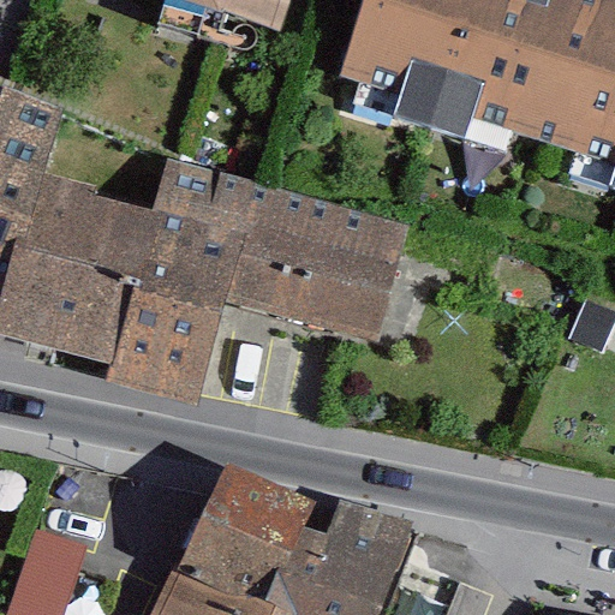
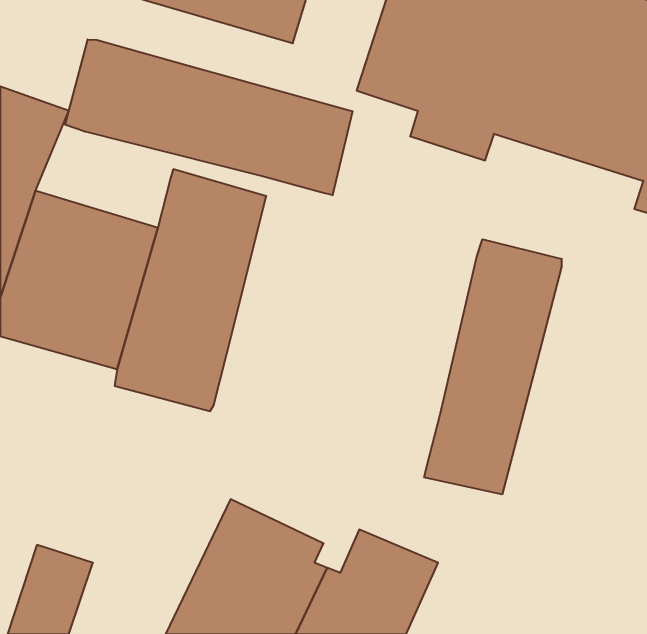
building: none -> [65,39,353,195]
building: [223,185,407,348] -> none
building: none -> [424,239,562,494]

